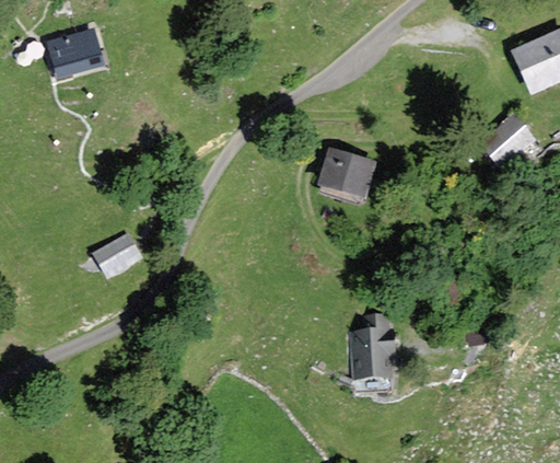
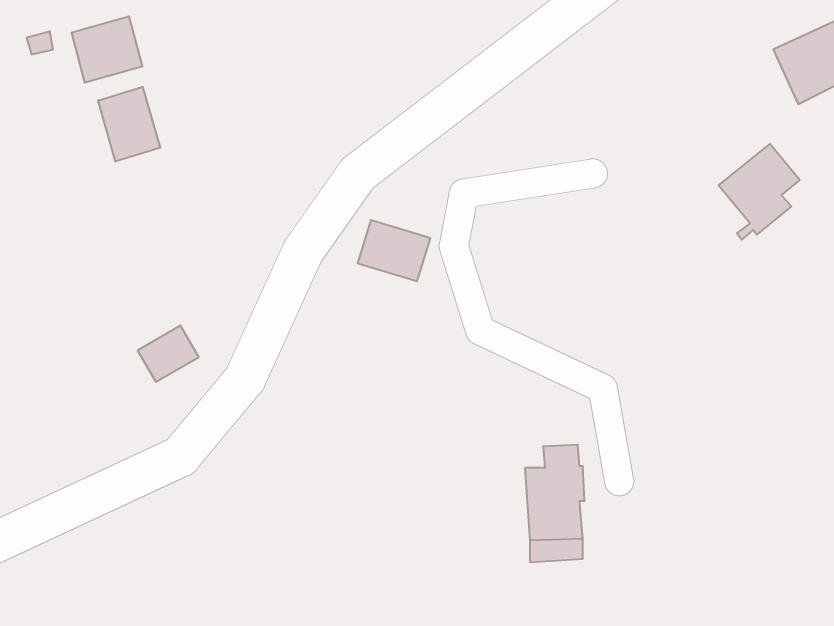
building: none -> [98,87,160,162]
building: [322,151,370,192] -> [358,220,430,281]

